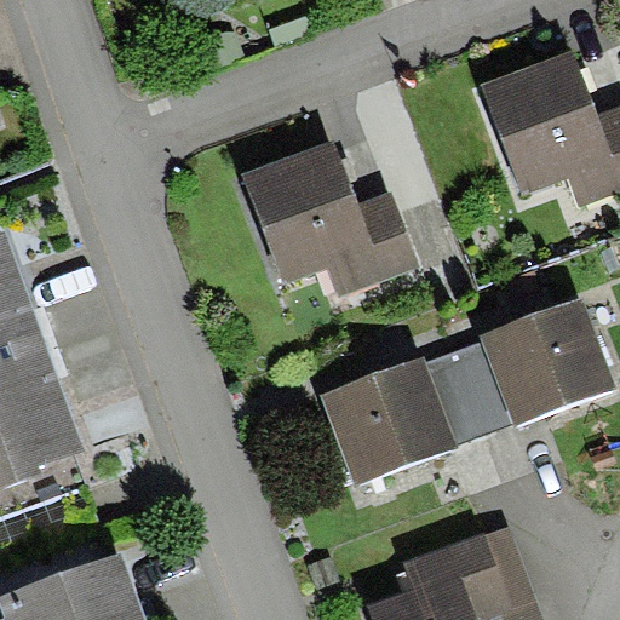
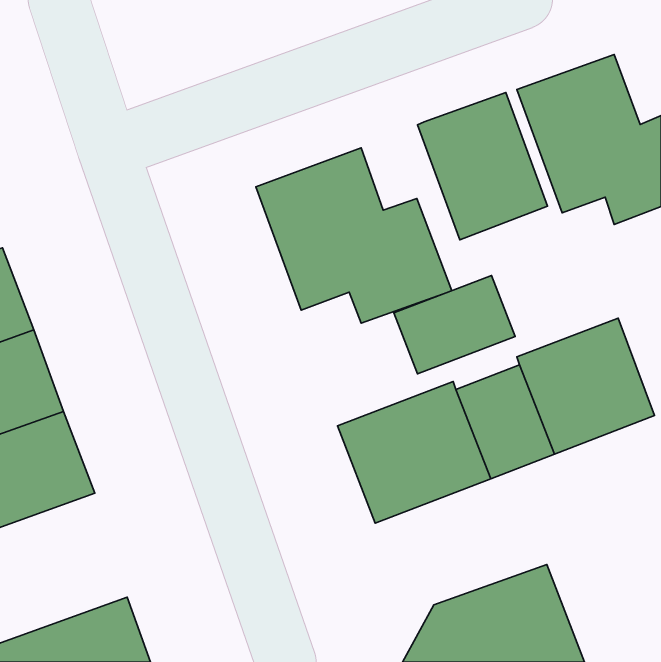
building: none -> [417,92,548,240]
building: none -> [394,276,515,374]

